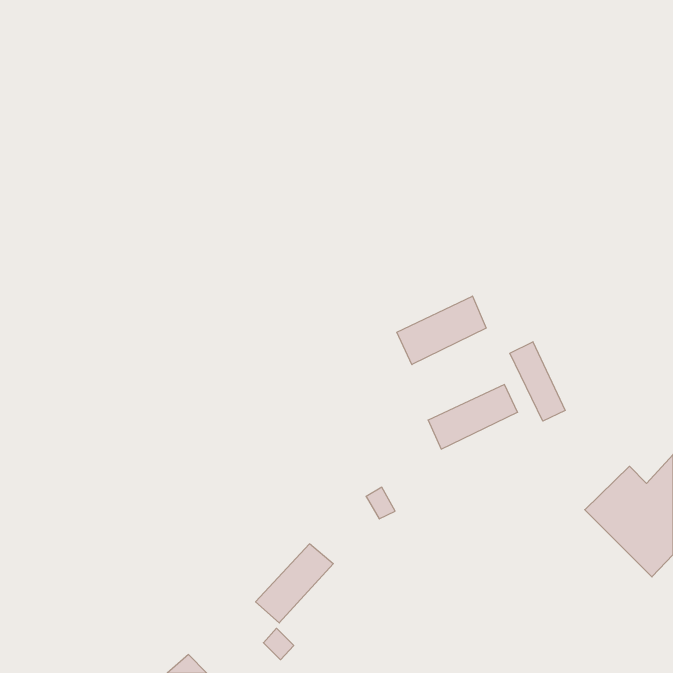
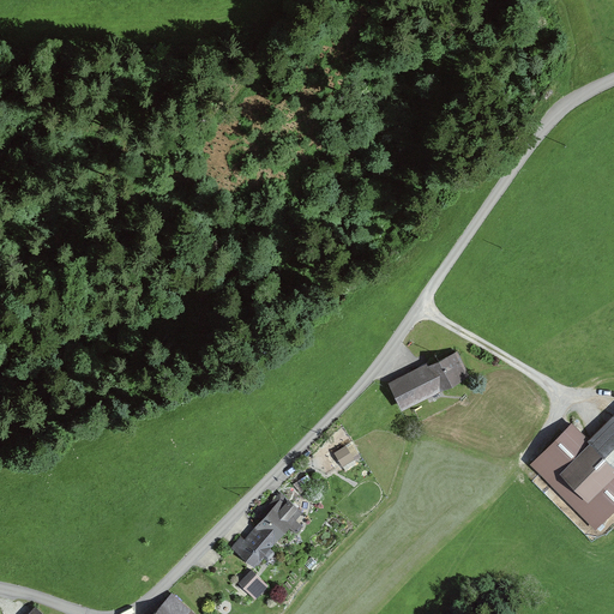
building: [397,296,486,365] -> none
building: [510,342,565,421] -> none

